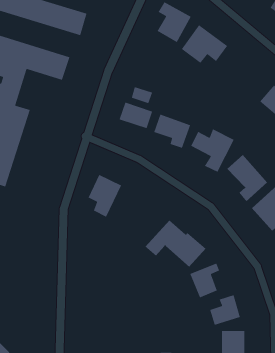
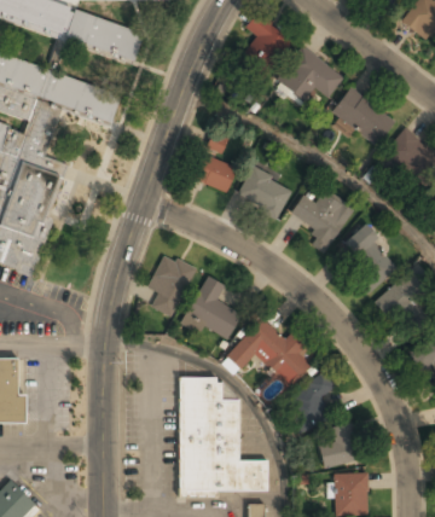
building: none -> [331,87,396,149]
building: none -> [182,277,242,339]
building: none -> [179,378,267,494]

